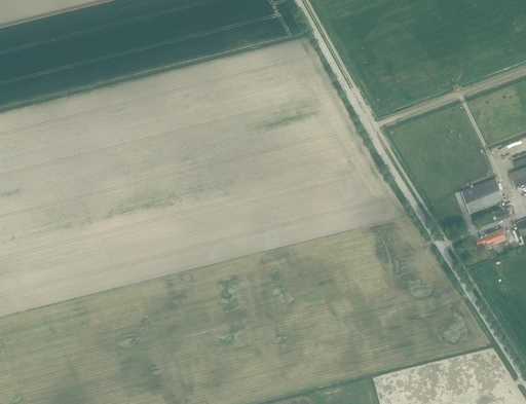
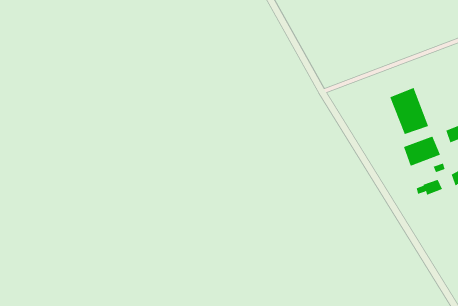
building: none -> [389,87,429,135]

